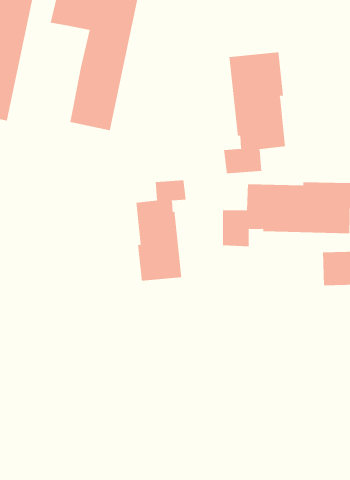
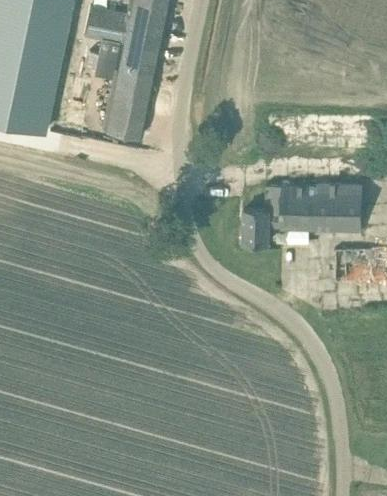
building: [224,52,286,174] -> none
building: [136,179,186,282] -> none

